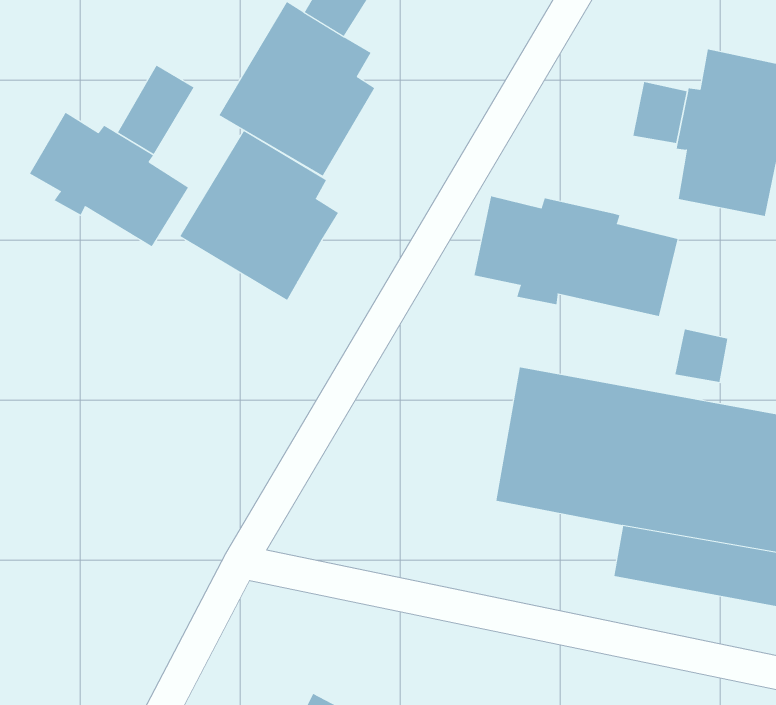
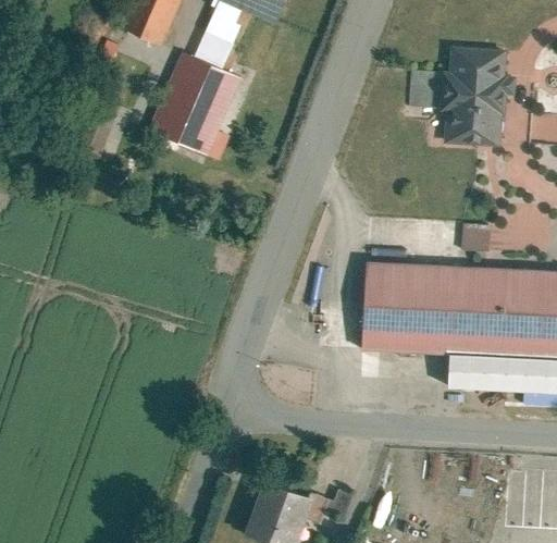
building: [29,112,189,247] -> none
building: [180,130,339,301] -> none
building: [474,196,678,317] -> none

